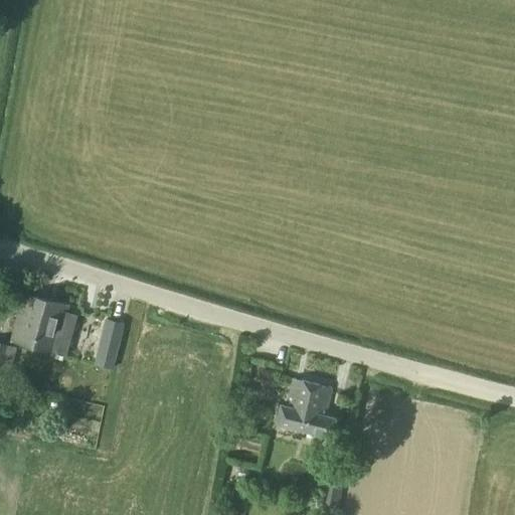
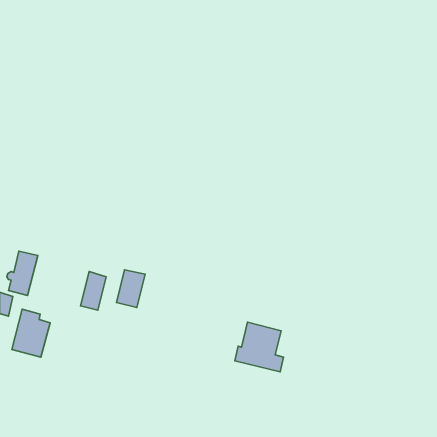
building: [32,300,77,356] -> [12,309,50,357]
building: none -> [117,270,145,308]

